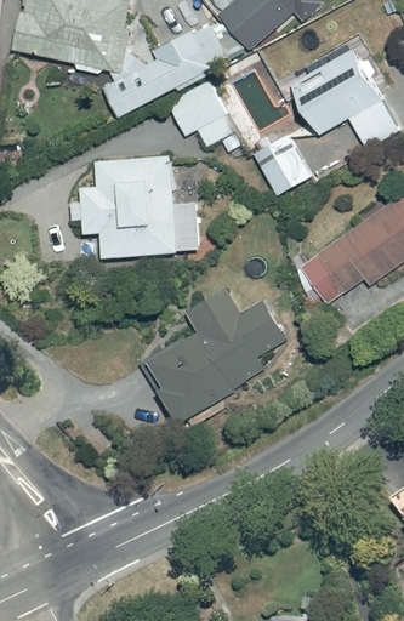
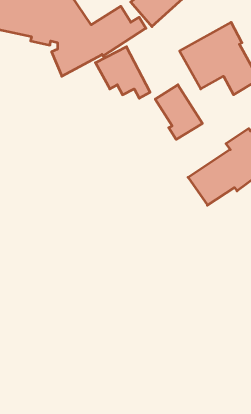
building: [70,155,200,258] -> none
building: [149,290,289,425] -> none

